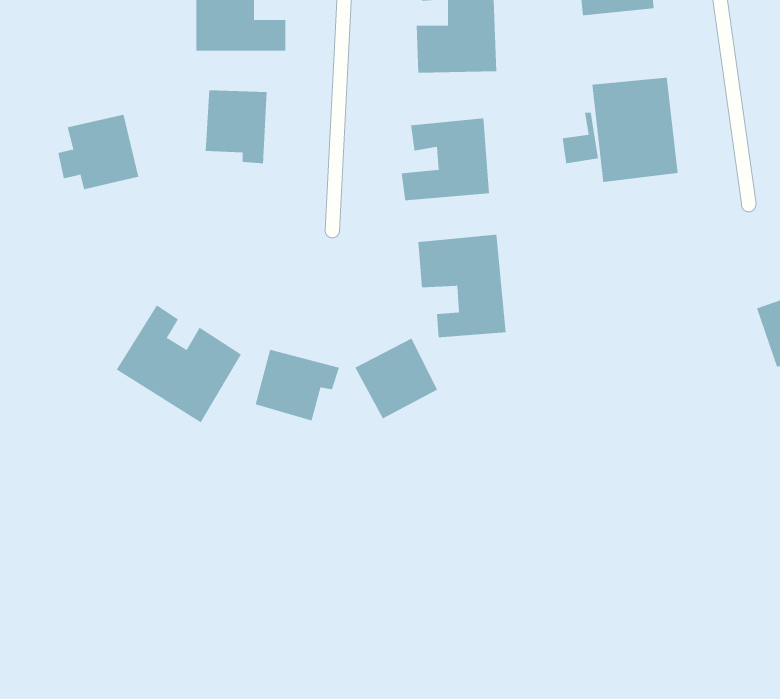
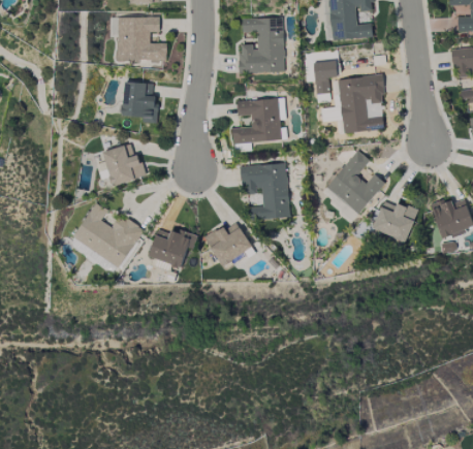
building: none -> [314,61,340,94]
building: [58,114,139,190] -> [97,142,143,185]
building: none -> [326,150,385,214]
building: none -> [373,198,417,242]

